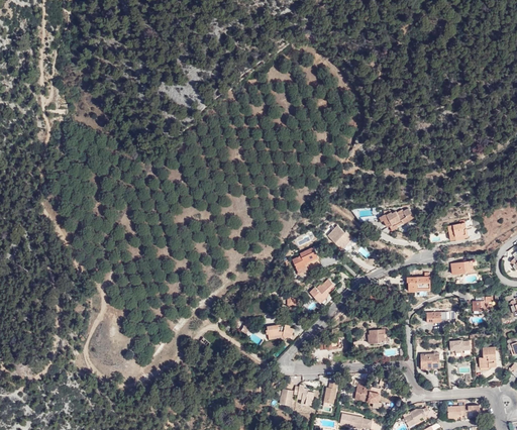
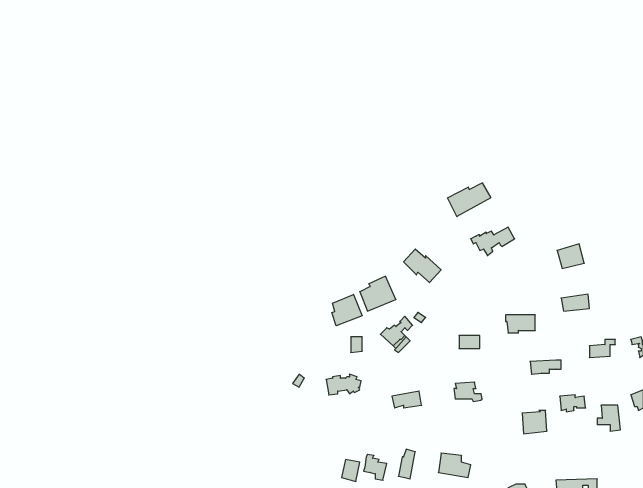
building: none -> [448,183,491,217]
building: none -> [332,294,362,326]

